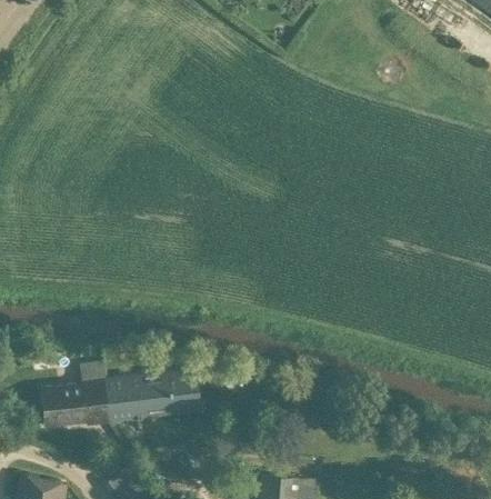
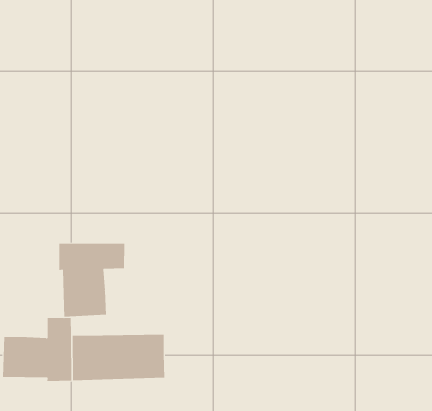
building: none -> [59,243,125,318]

